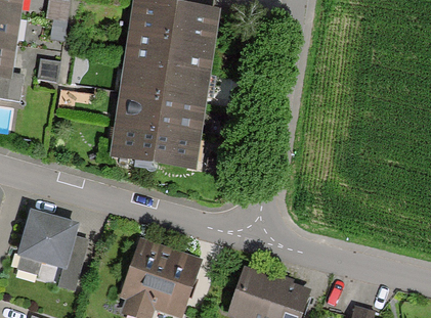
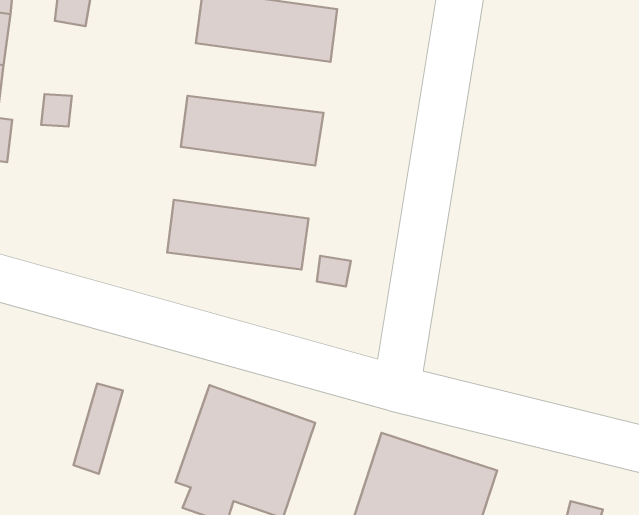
building: [126,31,212,73] -> none
building: [118,93,203,136] -> none
building: [18,213,75,267] -> none

